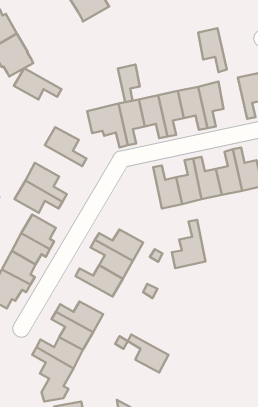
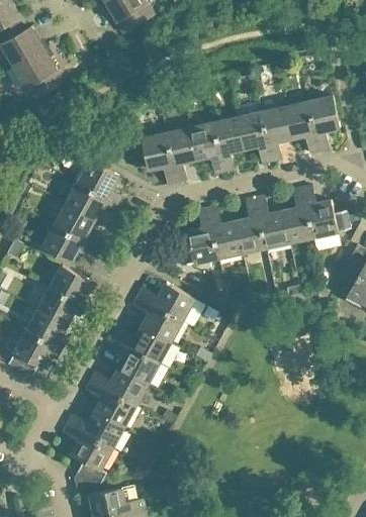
building: [198,28,227,72] -> [285,101,319,153]
building: [118,64,140,102] -> none
building: [14,68,61,99] -> [66,182,122,219]
building: [172,220,206,268] -> [177,208,217,266]
building: [128,335,168,373] -> [110,338,159,384]

